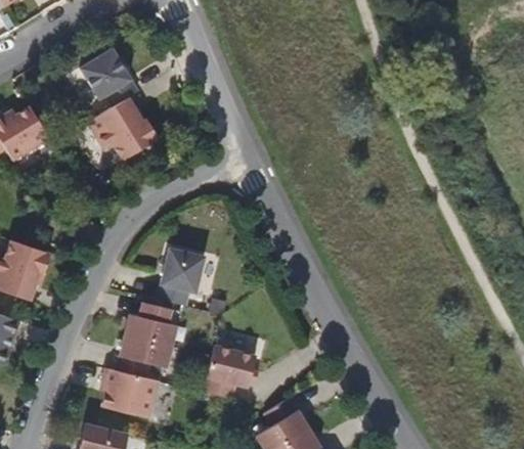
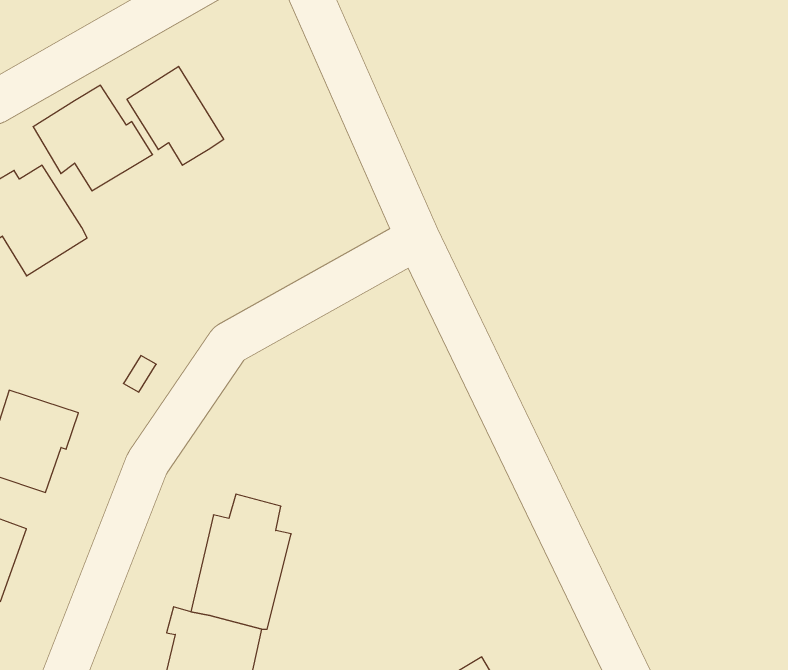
building: [88,97,159,160] -> [33,85,153,191]
building: [159,248,204,305] -> none
building: [203,345,256,398] -> none

